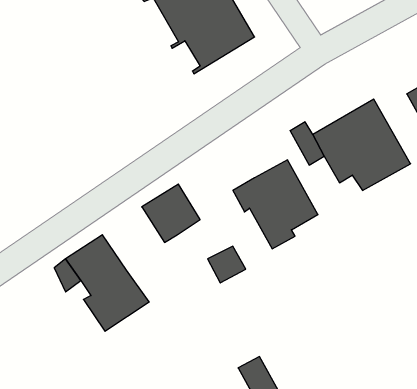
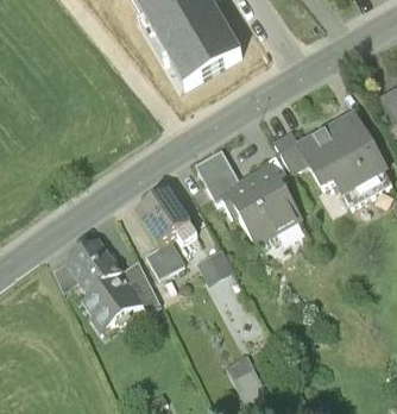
building: none -> [195,148,241,201]
building: none -> [144,237,184,276]
building: none -> [121,258,160,308]

